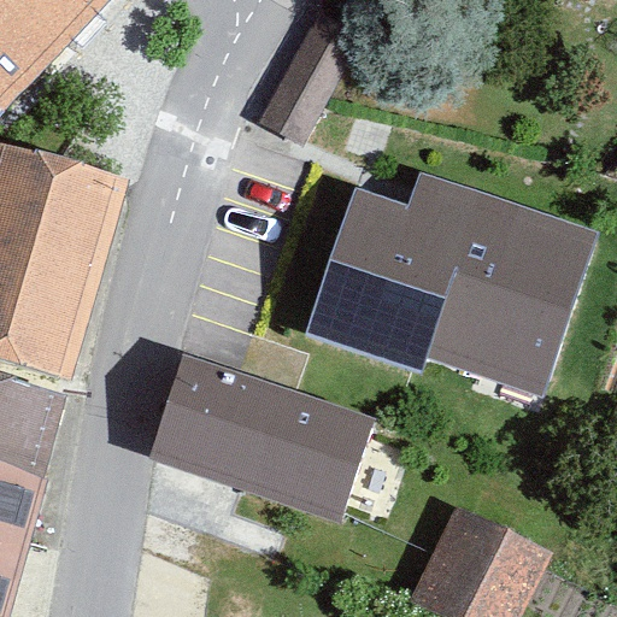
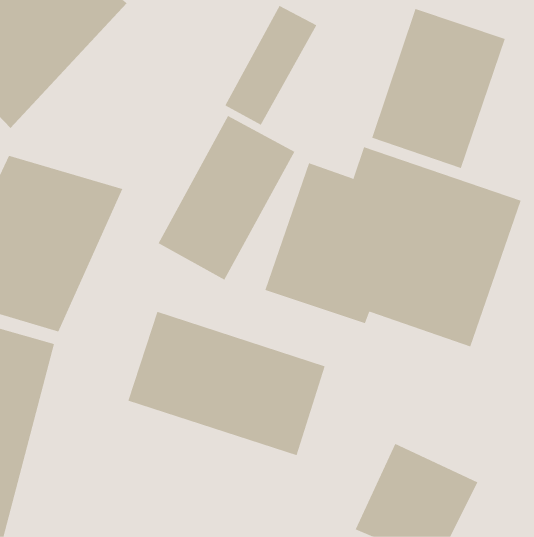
building: none -> [372,8,505,169]
building: none -> [158,115,295,281]

